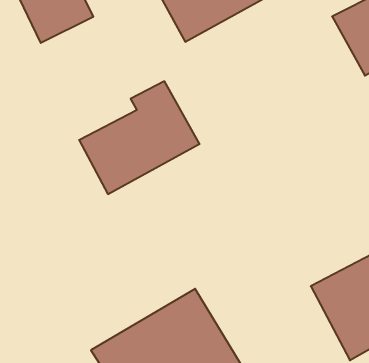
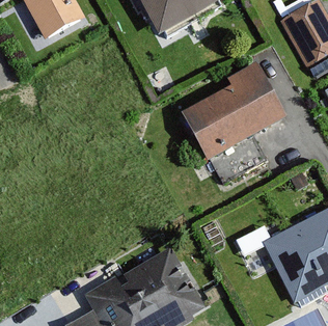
building: [79,81,200,194] -> [185,62,284,156]

